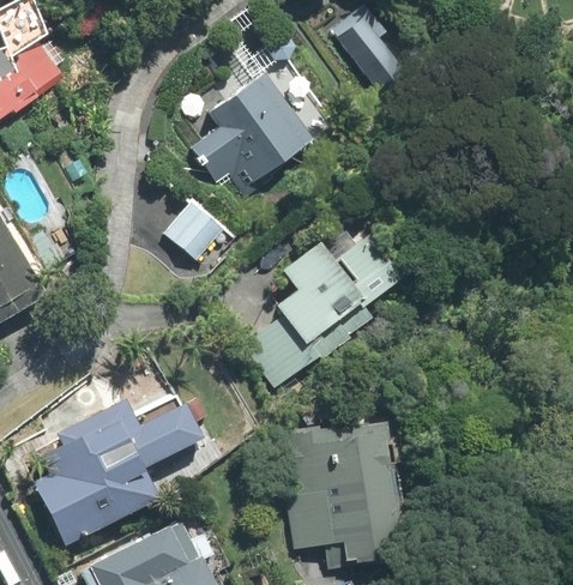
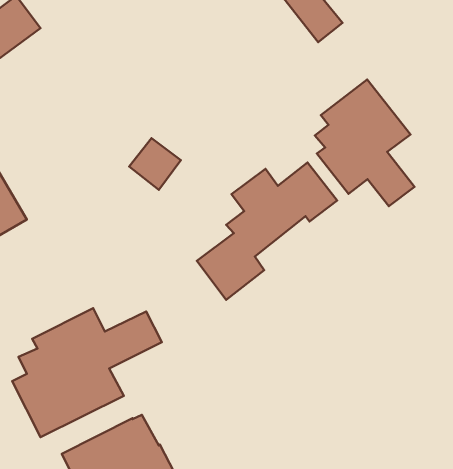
building: [192,73,315,199] -> none
building: none -> [315,80,414,206]
building: [277,420,400,557] -> none

